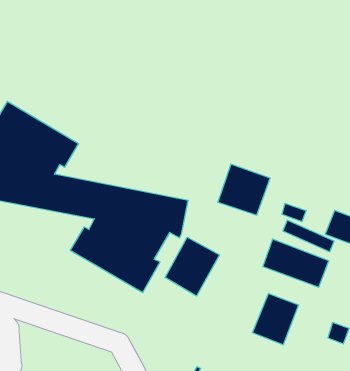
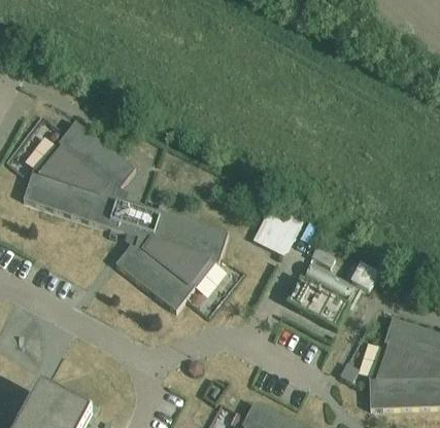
building: [165,237,219,296] -> none
building: [253,293,299,345] -> none

